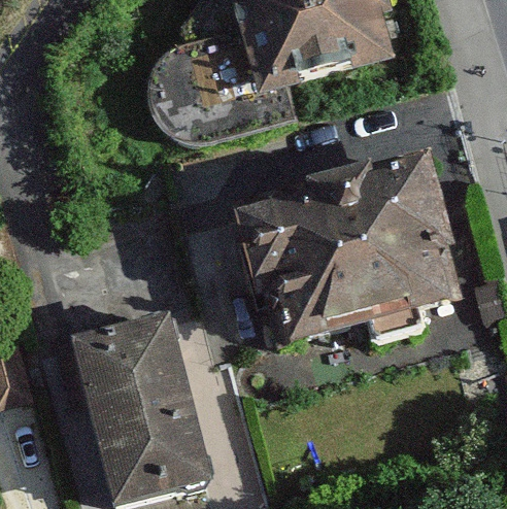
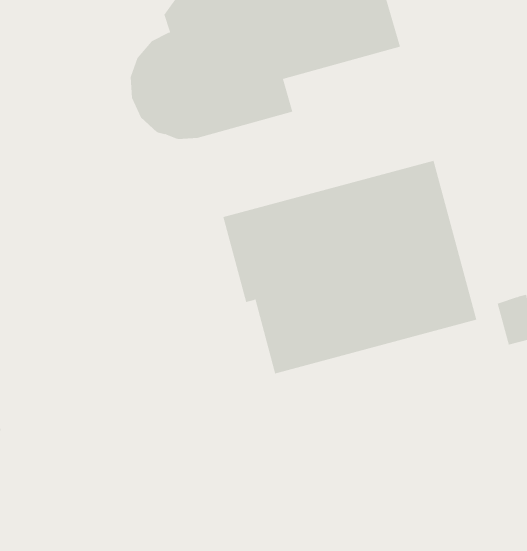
building: [76,315,208,499] -> none

